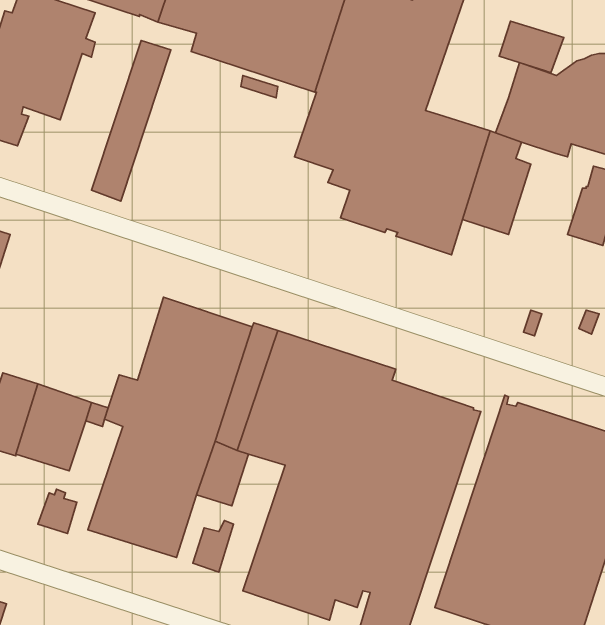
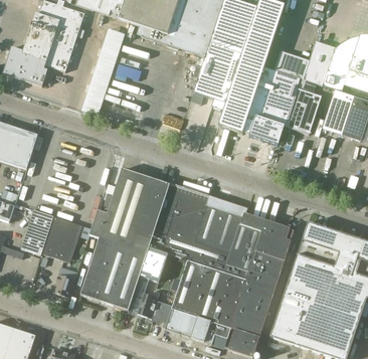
building: [499,21,564,73] -> [274,50,310,78]
building: none -> [323,89,356,134]

